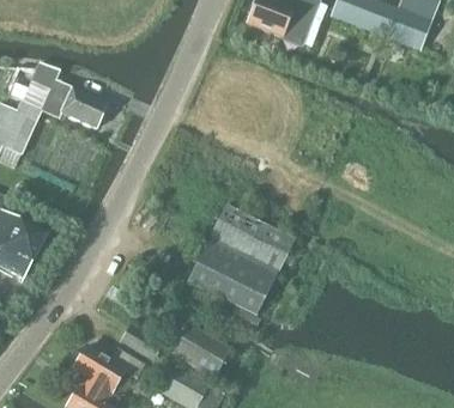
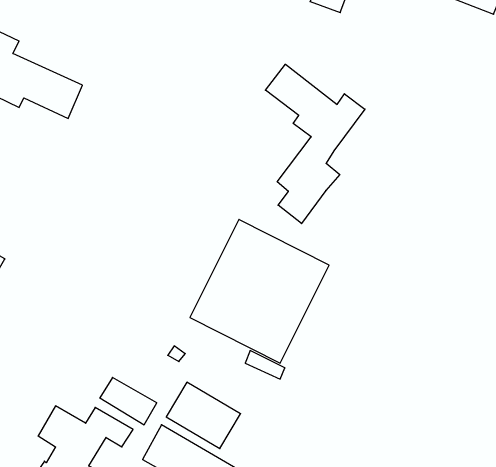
building: none -> [265,64,365,224]

